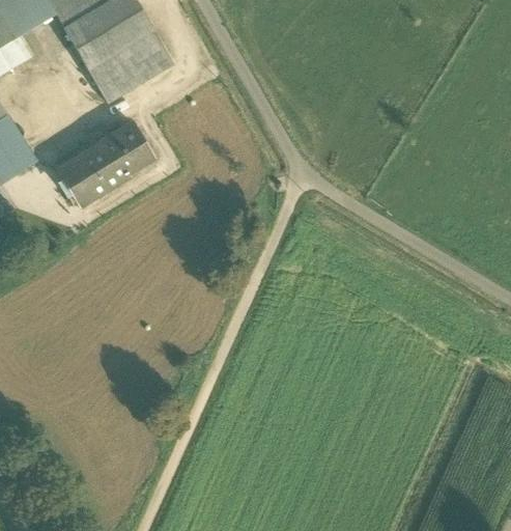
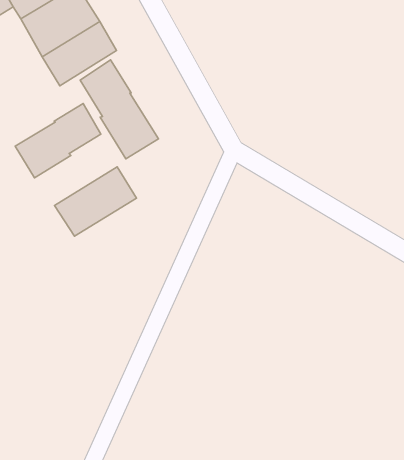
building: none -> [80,60,158,159]
building: none -> [55,167,137,236]

